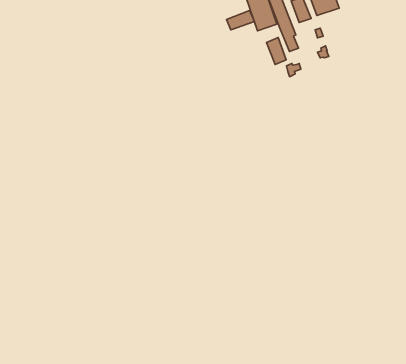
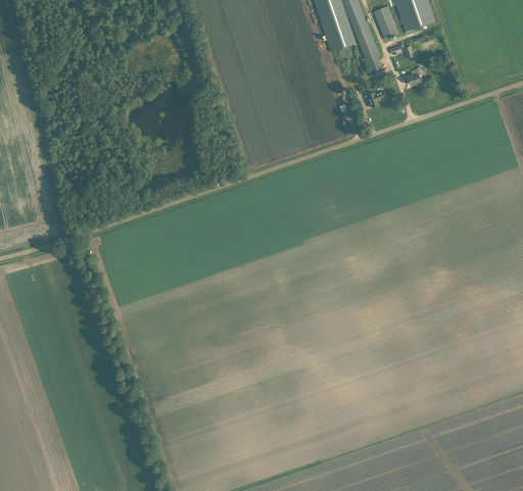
building: [227,10,254,30] -> none
building: [266,38,286,64] -> none

